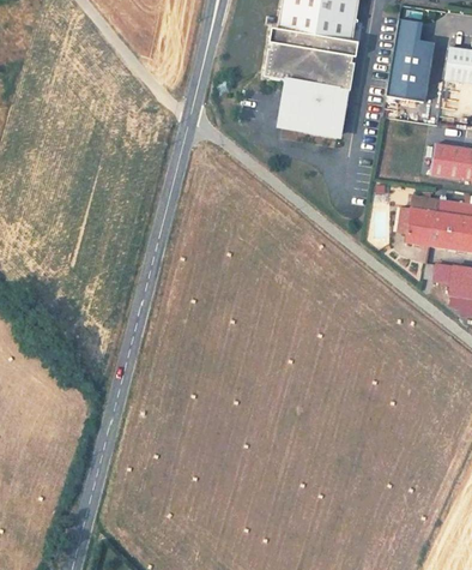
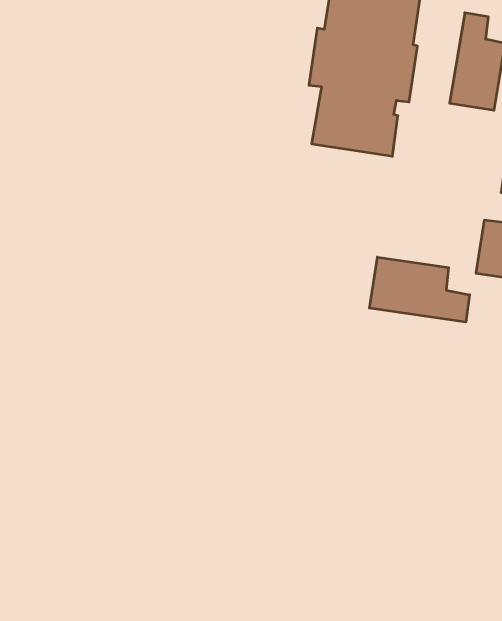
building: none -> [369,257,470,322]

